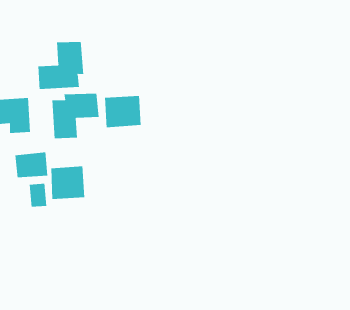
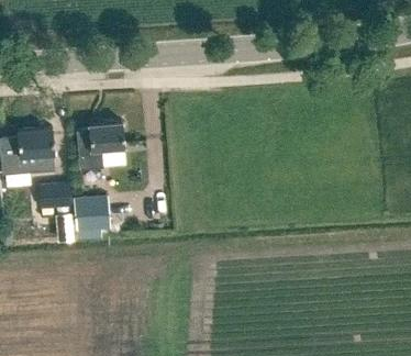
building: [38,41,84,90] -> none
building: [105,95,141,128] -> none

